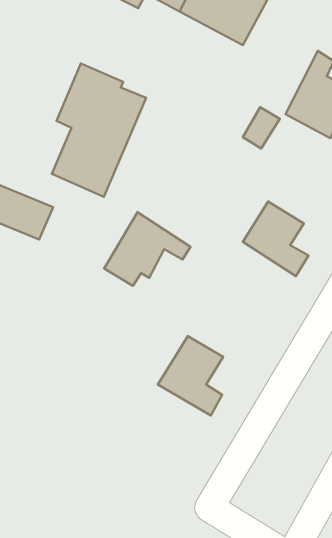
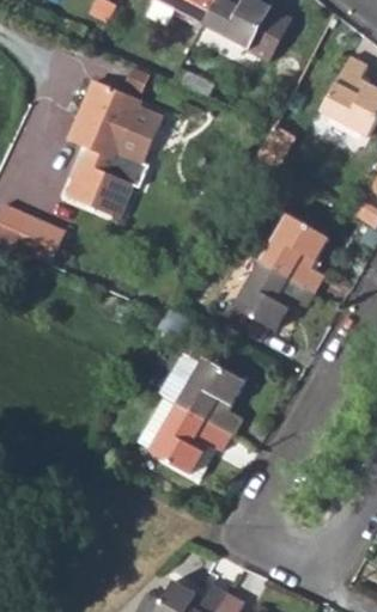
building: [104,212,190,286] -> [226,261,316,337]
building: none -> [148,409,227,471]

